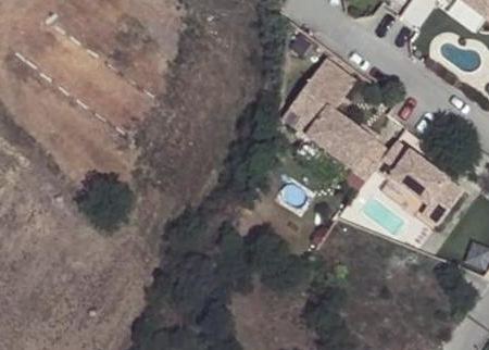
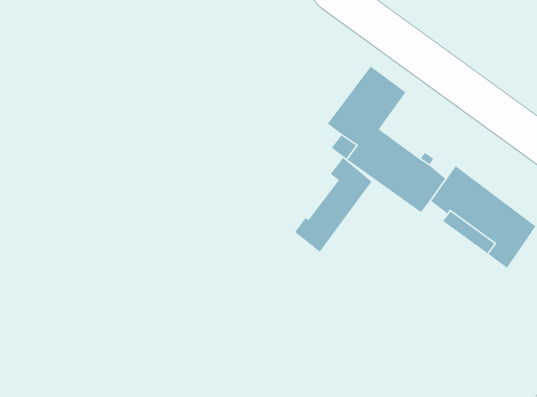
building: none -> [294,157,373,253]

